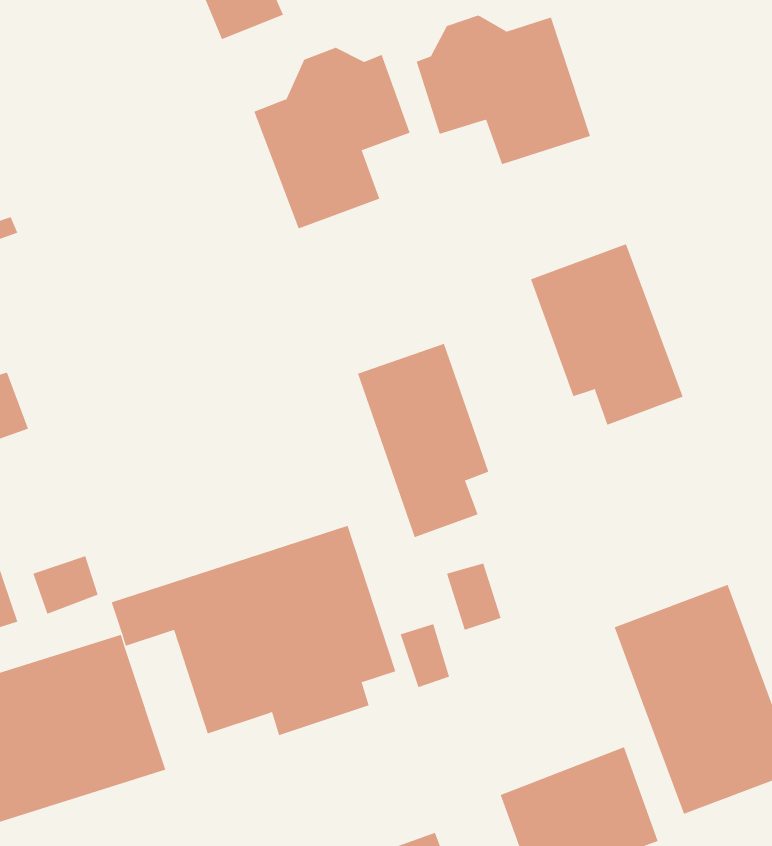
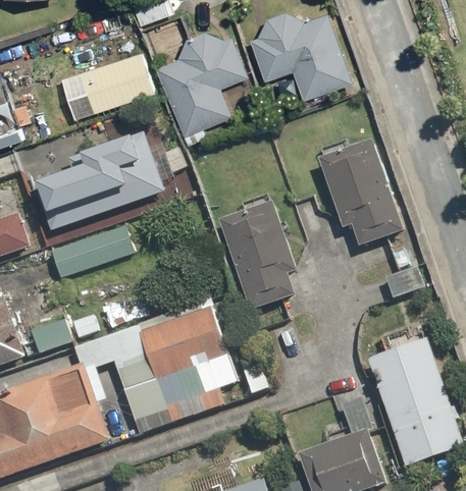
building: none -> [76,47,155,111]
building: none -> [24,131,163,237]
building: none -> [49,222,135,278]

